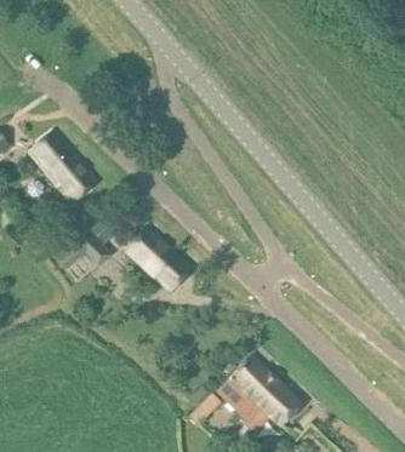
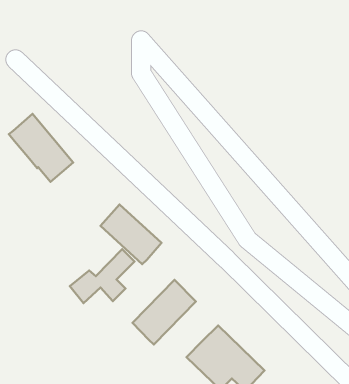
building: [51,213,120,271] -> [70,249,134,303]
building: none -> [132,280,196,344]

